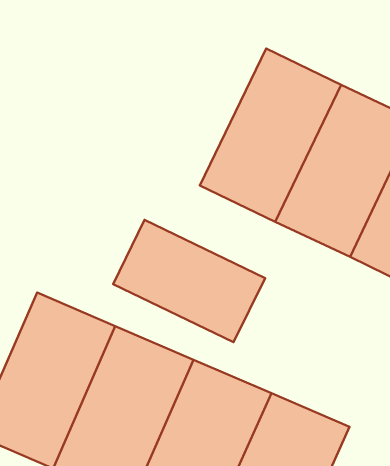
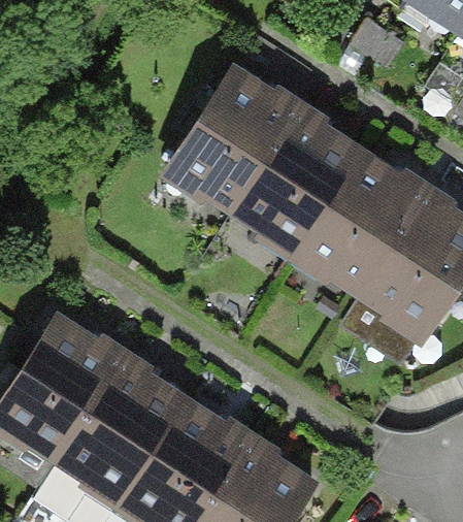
building: none -> [157,68,298,228]
building: [113,220,265,342] -> none

